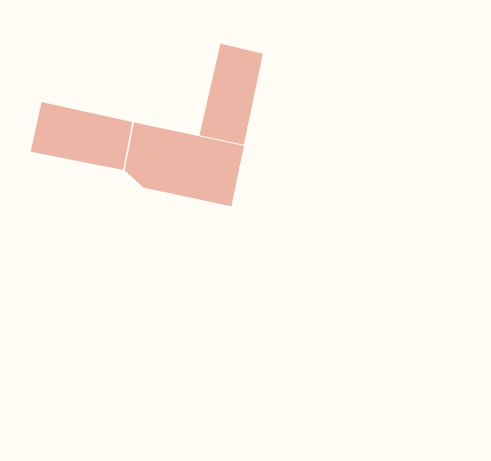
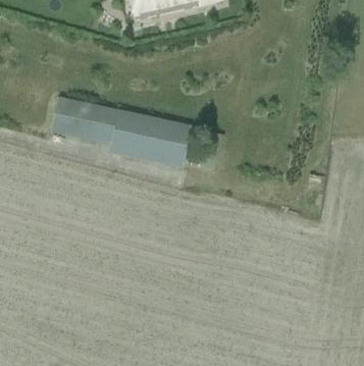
building: [199,43,263,145] -> none

